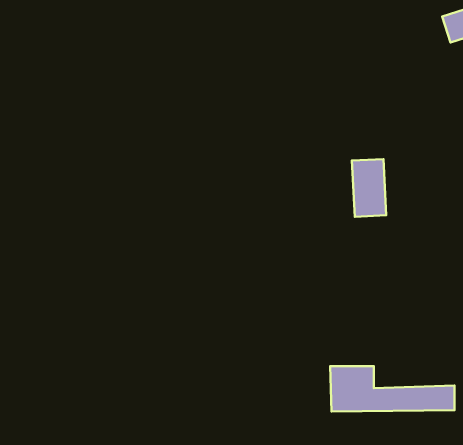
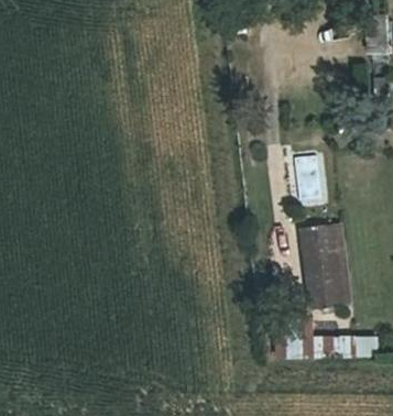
building: none -> [306,225,348,306]

